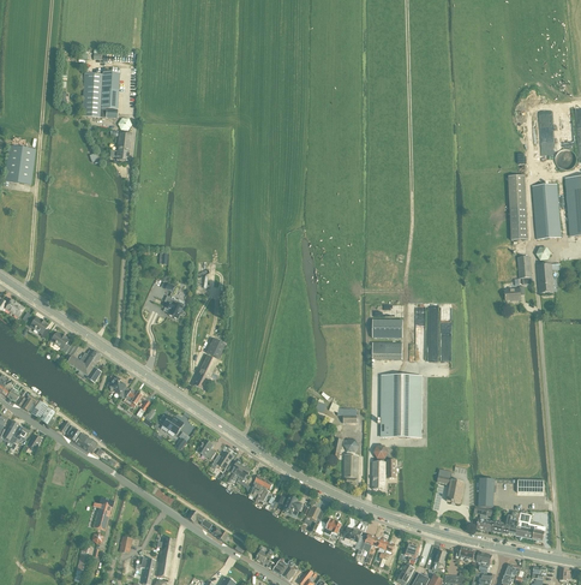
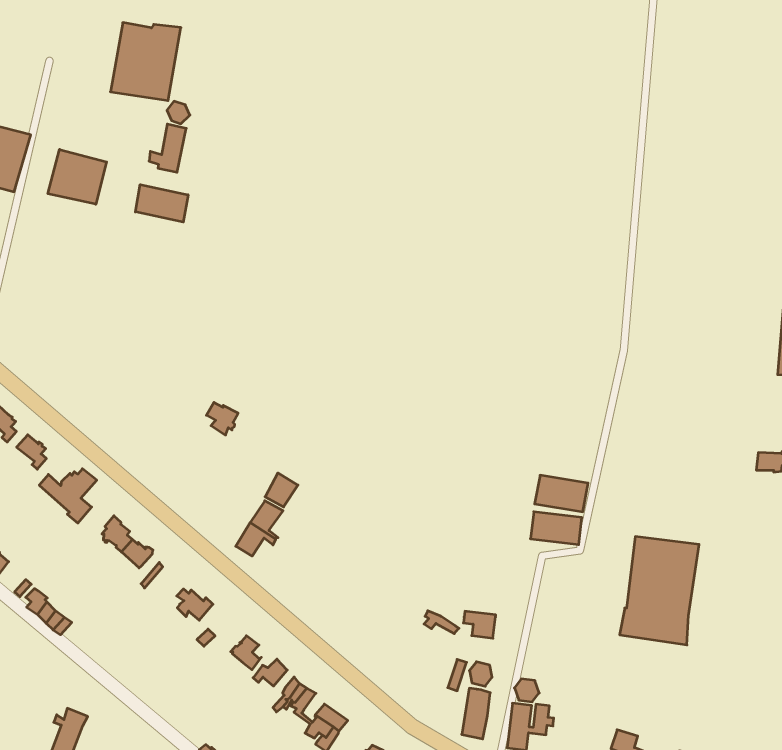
building: none -> [48,149,107,204]
building: none -> [135,185,188,222]
building: [379,375,421,437] -> [620,537,699,645]

